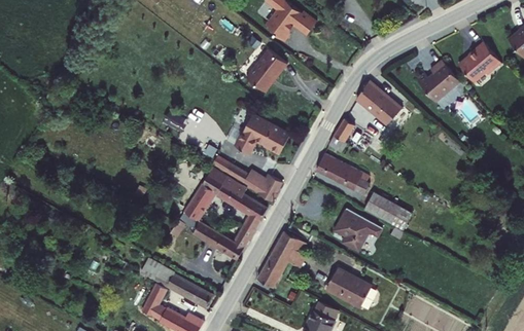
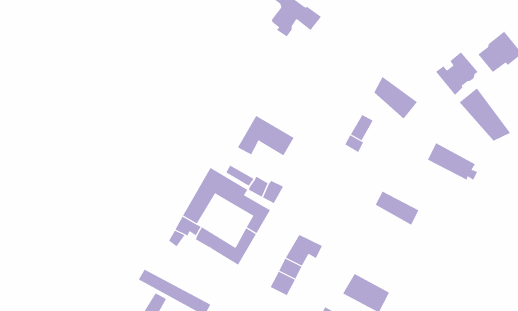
building: [247,54,285,96] -> none
building: none -> [459,87,511,141]
building: [321,151,370,187] -> [427,143,478,180]
building: [337,206,386,250] -> none

